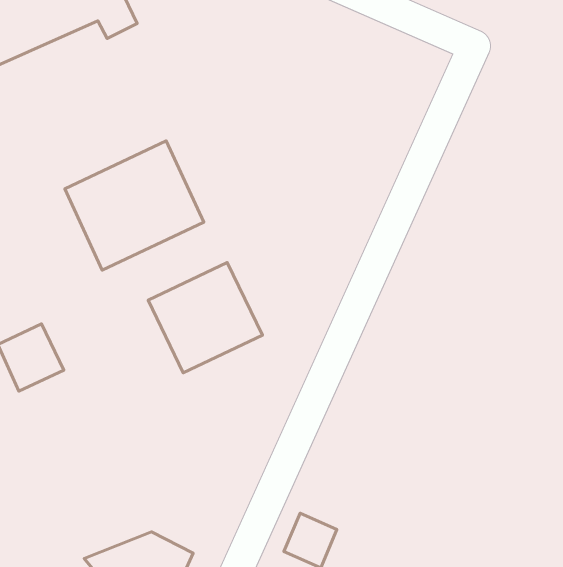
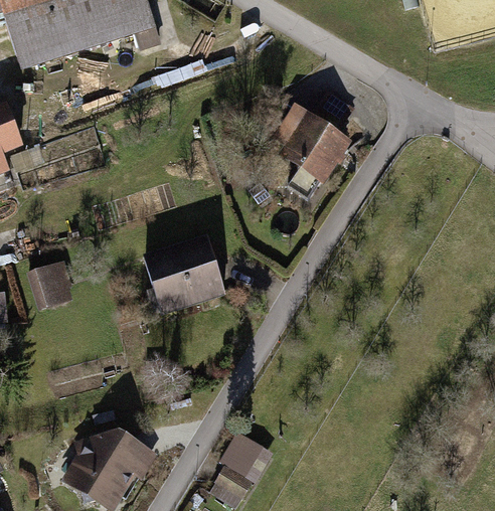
building: none -> [280,90,353,184]
building: [65,141,204,270] -> none

